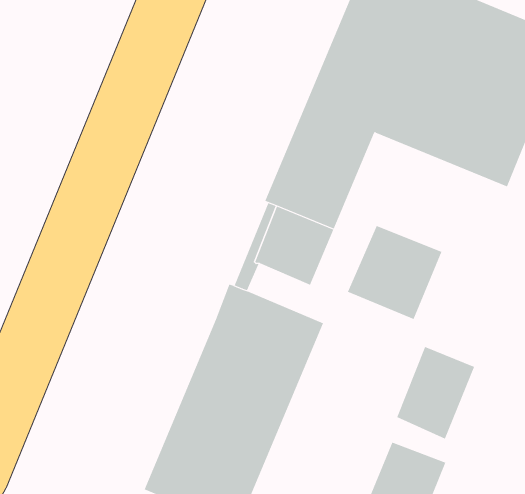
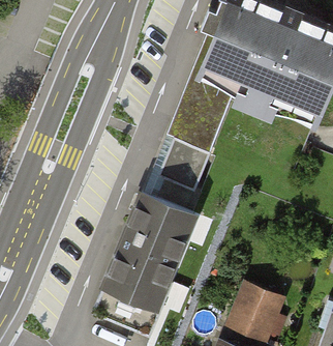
building: [347,225,442,320] -> none
building: [397,346,475,439] -> none

